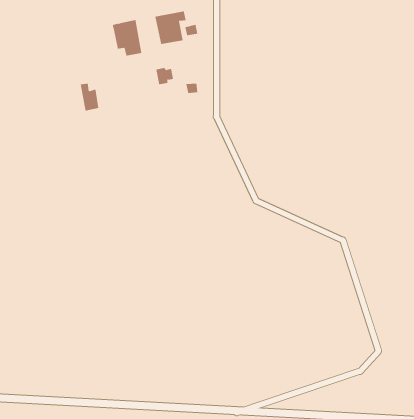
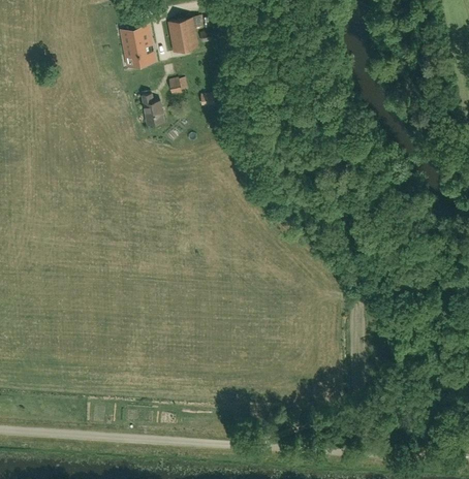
building: [80,83,99,111] -> [143,95,163,125]

